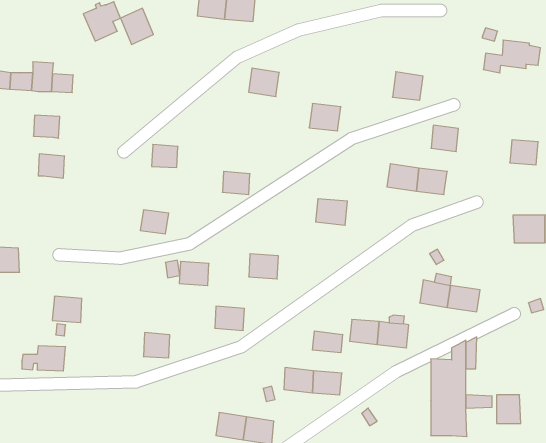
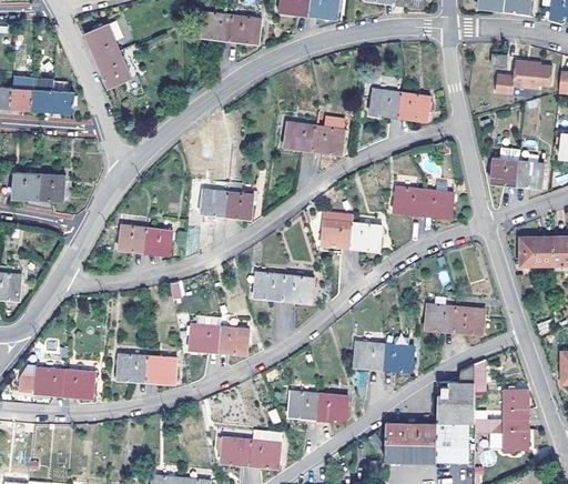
building: [120,8,153,44] -> [98,51,131,88]
building: [249,68,279,97] -> [286,120,317,149]
building: none -> [368,89,402,118]
building: [33,115,60,138] -> [14,174,41,198]
building: [431,125,458,152] -> [491,158,519,184]
building: [152,144,178,167] -> [201,191,227,214]
building: none -> [351,223,381,250]
building: none -> [116,228,146,253]
building: none -> [282,279,312,304]
building: [179,261,209,286] -> [190,327,220,352]
building: [52,296,82,323] -> [65,371,95,397]
building: none -> [118,354,148,381]
building: [313,331,343,353] -> none
building: none -> [504,391,527,420]
building: none -> [385,424,437,461]

